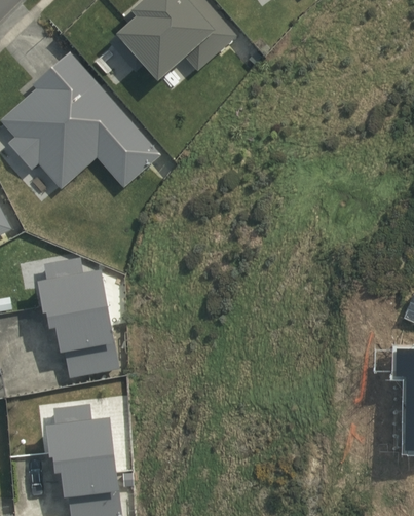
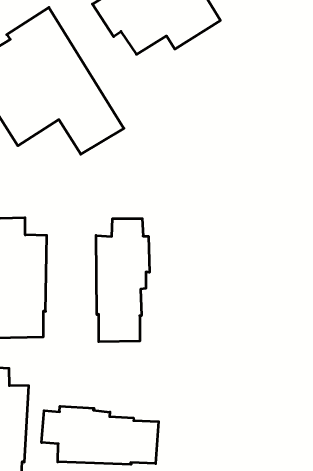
building: none -> [96,219,149,342]
building: none -> [42,406,159,464]

